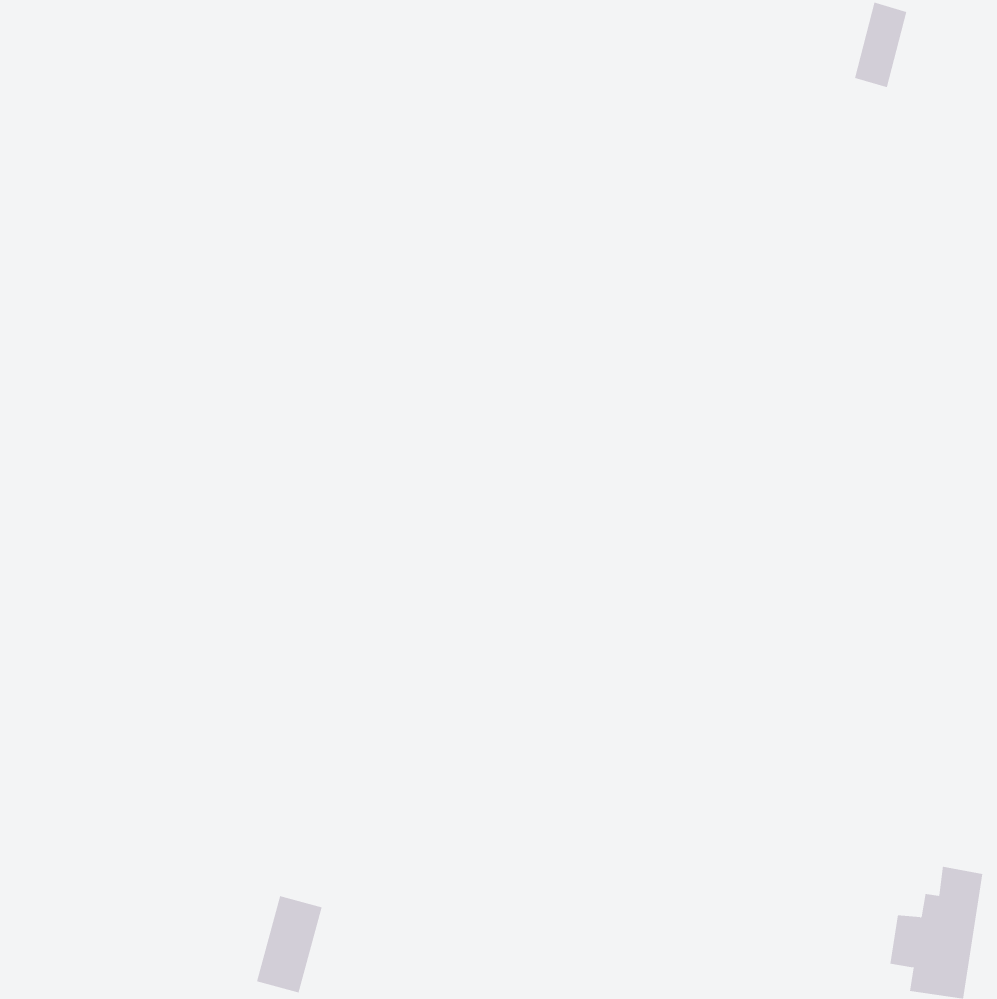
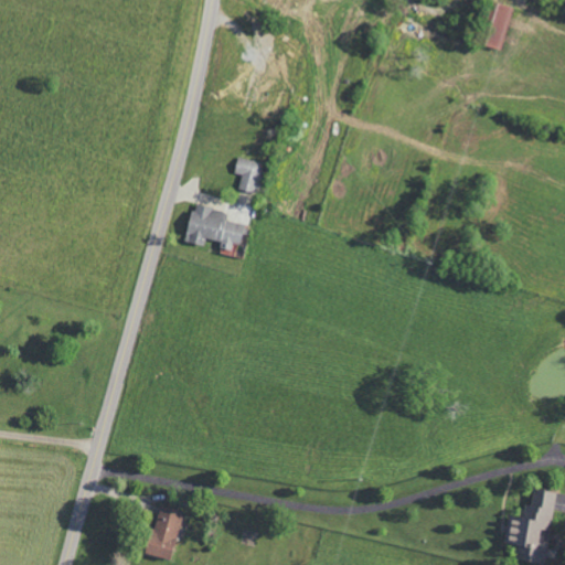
building: none -> [234,156,265,193]
building: none -> [186,205,244,248]

